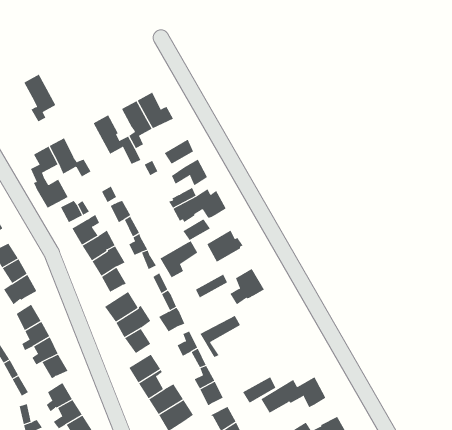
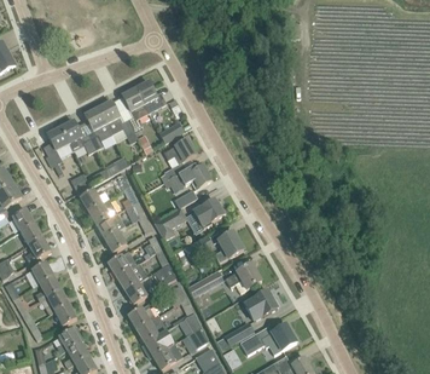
building: [23,74,56,122] -> [83,108,111,149]
building: none -> [223,263,261,293]
building: none -> [242,290,278,320]

